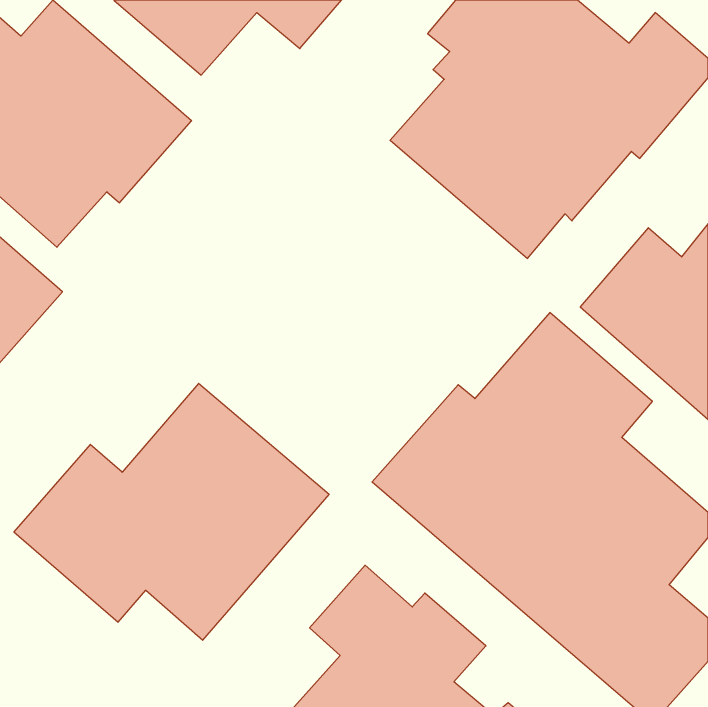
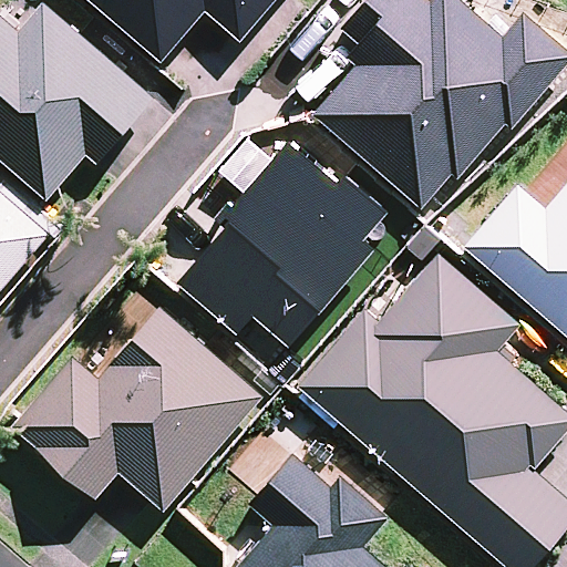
building: none -> [177,140,386,346]

